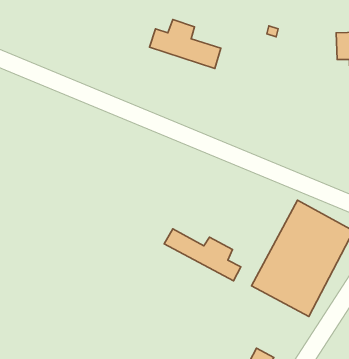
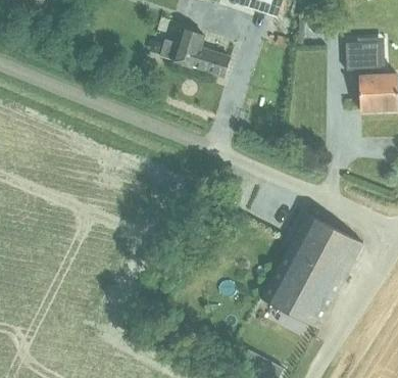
building: [164,229,241,281] -> none

